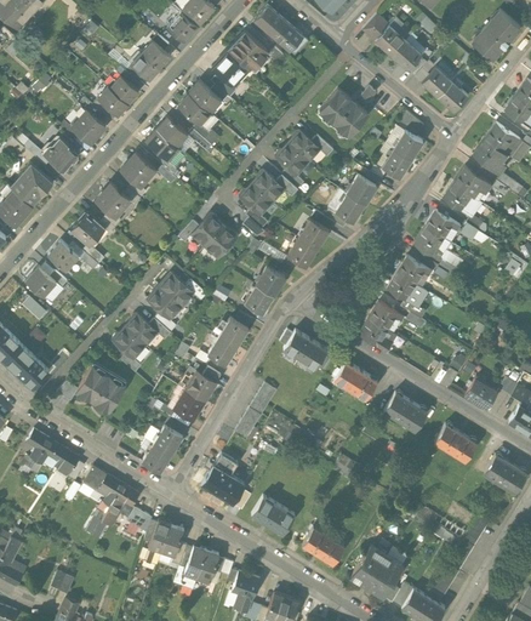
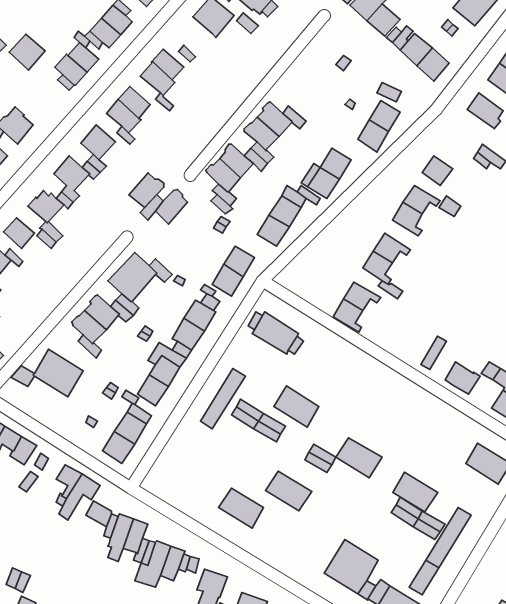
building: [212,52,245,85] -> none
building: [319,91,367,138] -> none
building: [72,110,105,144] -> [9,34,45,70]
building: [473,139,509,172] -> none
building: [453,167,489,201] -> none
building: [204,227,236,260] -> [129,173,164,208]
building: [333,361,376,400] -> [274,386,319,427]
building: [383,393,427,431] -> [336,438,382,478]
building: [434,423,476,461] -> [393,472,438,512]
building: [201,452,244,503] -> none
building: [301,526,344,564] -> [265,471,312,511]

